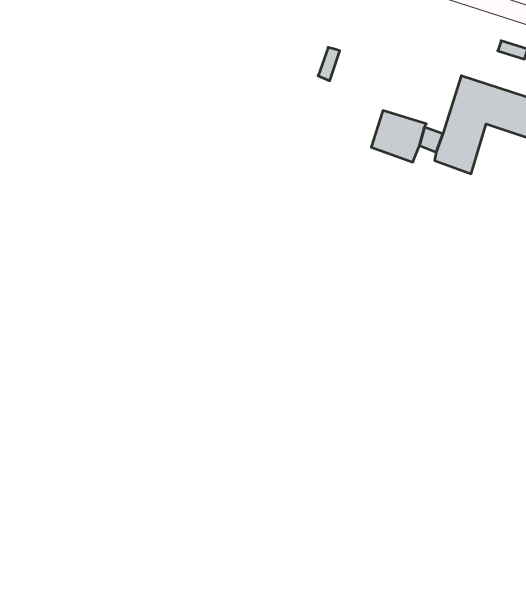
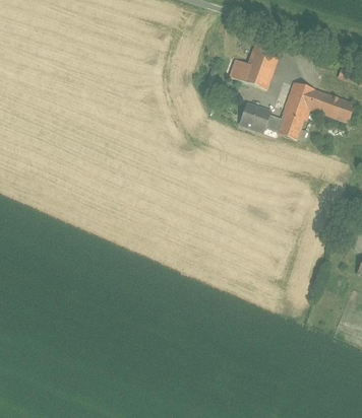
building: none -> [228,41,281,89]

